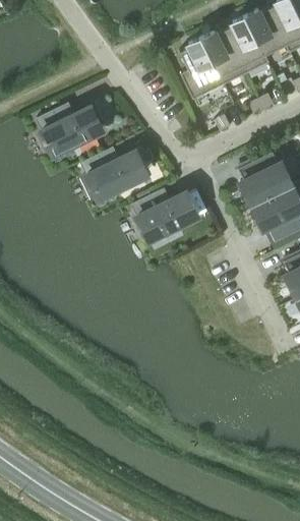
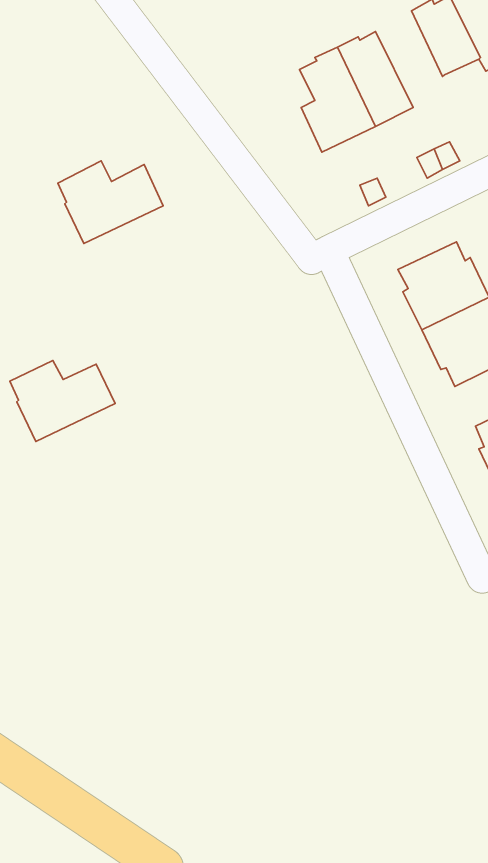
building: [225,16,269,73] -> none
building: [82,150,144,197] -> [10,361,115,442]
building: [133,191,195,239] -> none

